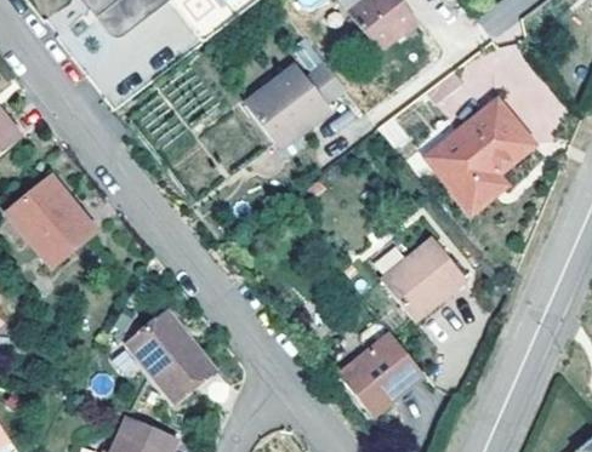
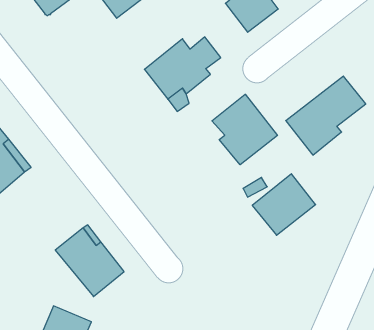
building: none -> [212,94,277,165]
building: [341,331,426,412] -> none

